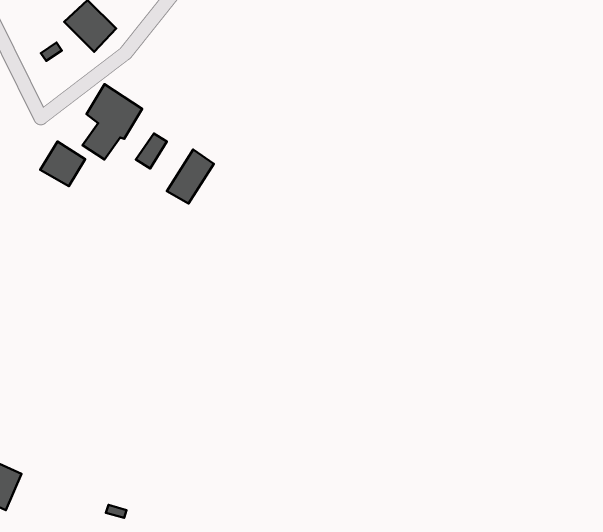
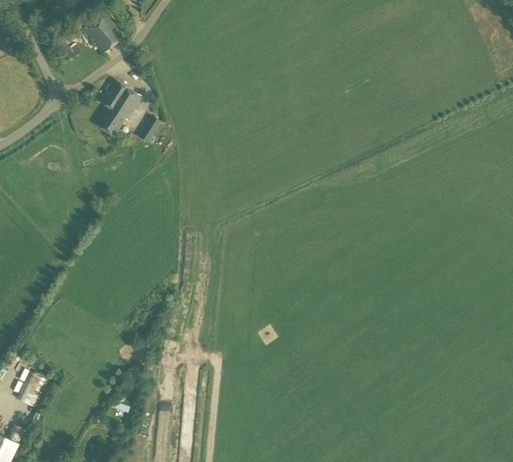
building: [40,141,85,186] -> none
building: [167,150,214,204] -> none

